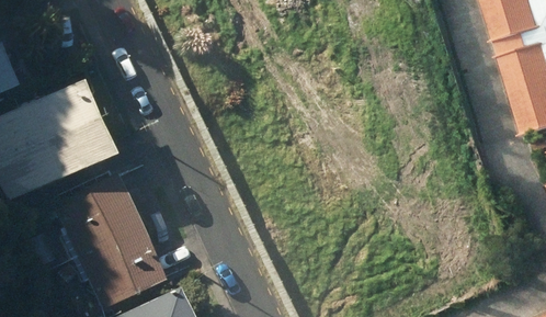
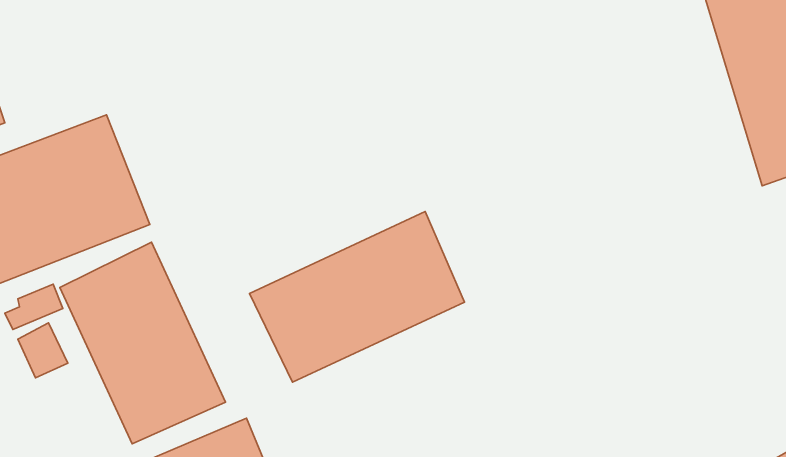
building: none -> [250,212,465,382]

